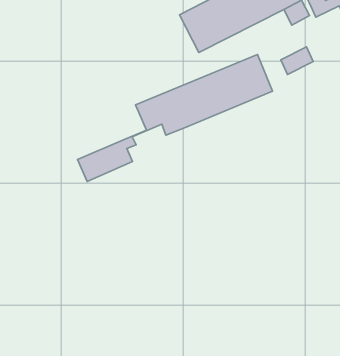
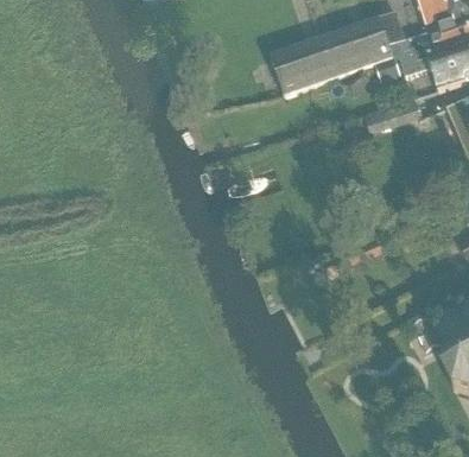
building: [77,55,273,182] -> none

